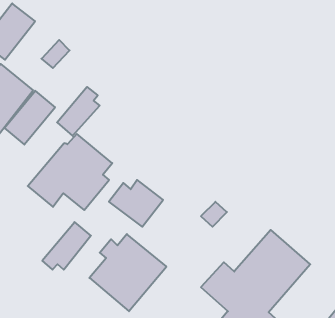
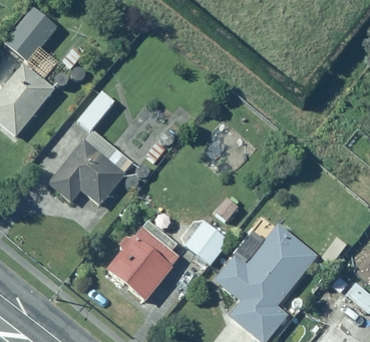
building: [4,91,55,145] -> none
building: [109,180,163,227] -> [177,220,230,265]
building: [42,222,91,270] -> none

